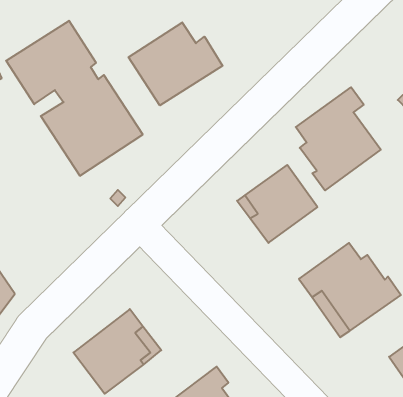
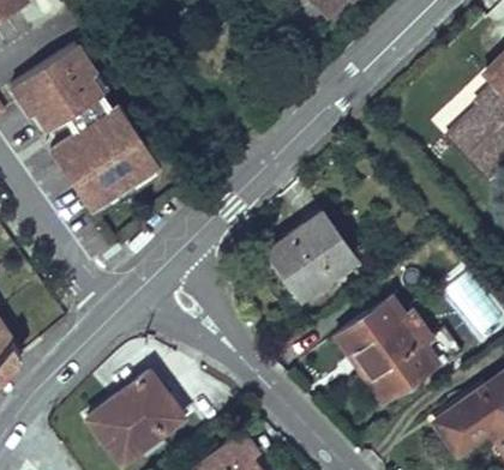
building: [129,22,223,105] -> none
building: [296,87,381,190] -> none

